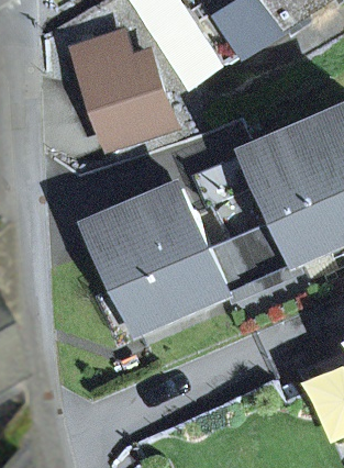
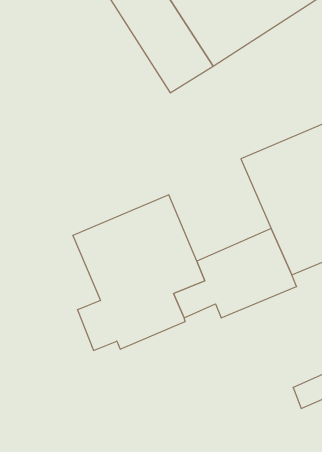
building: [74,36,165,144] -> none

